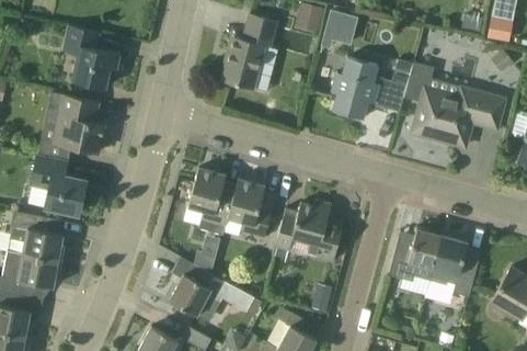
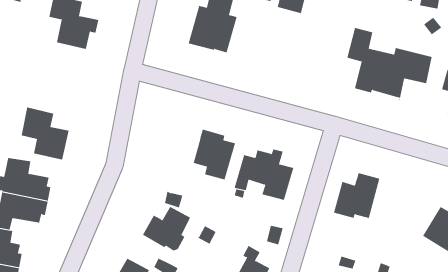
building: [331,56,412,118] -> none
building: [36,93,104,160] -> none
building: [187,167,234,234] -> none
building: [429,235,478,296] -> none

